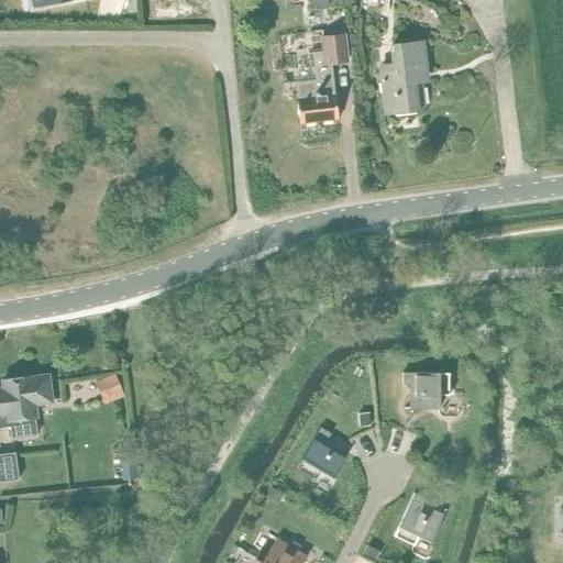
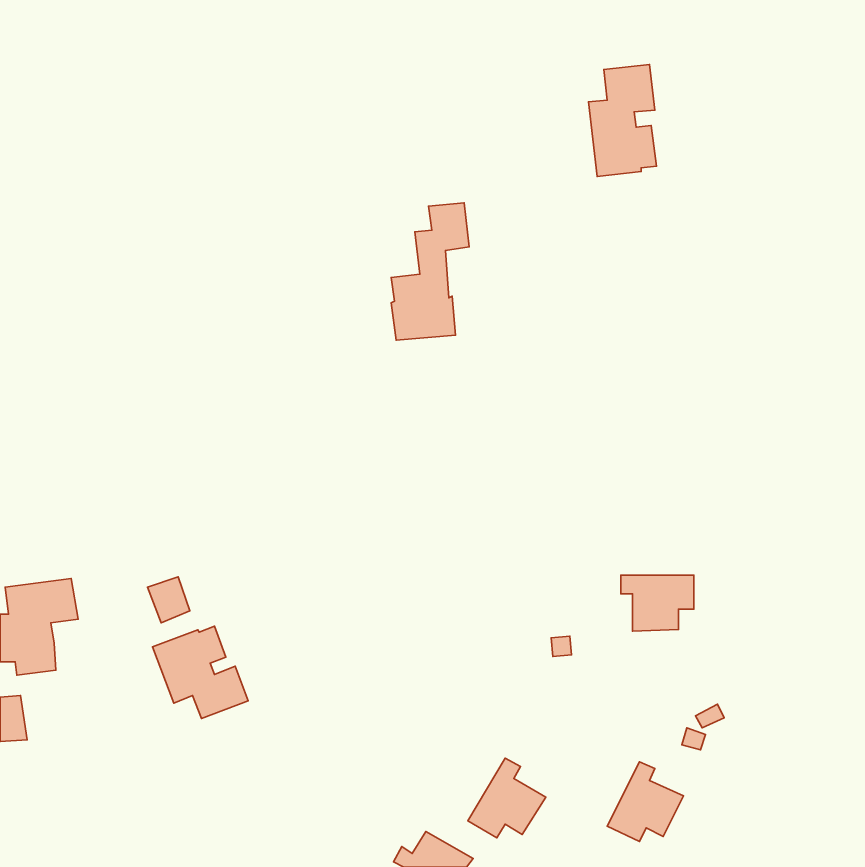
building: [297,34,347,123] -> [391,203,469,340]
building: none -> [152,626,248,719]
building: [298,428,349,479] -> [468,758,546,838]

